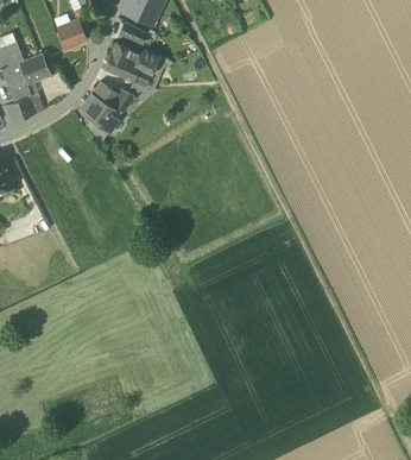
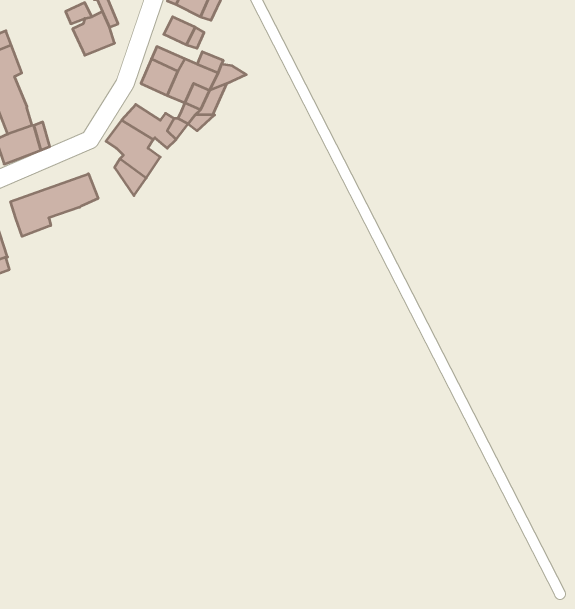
building: [19,52,52,83] -> none
building: none -> [11,174,98,236]

